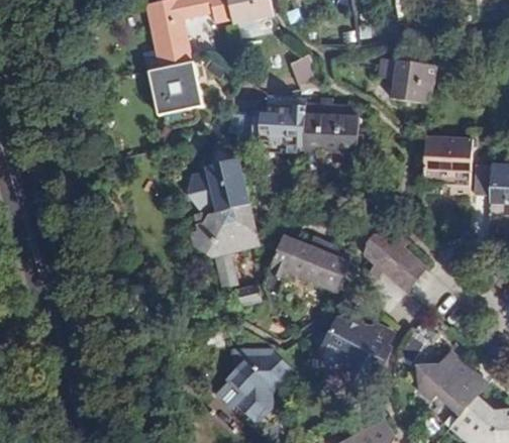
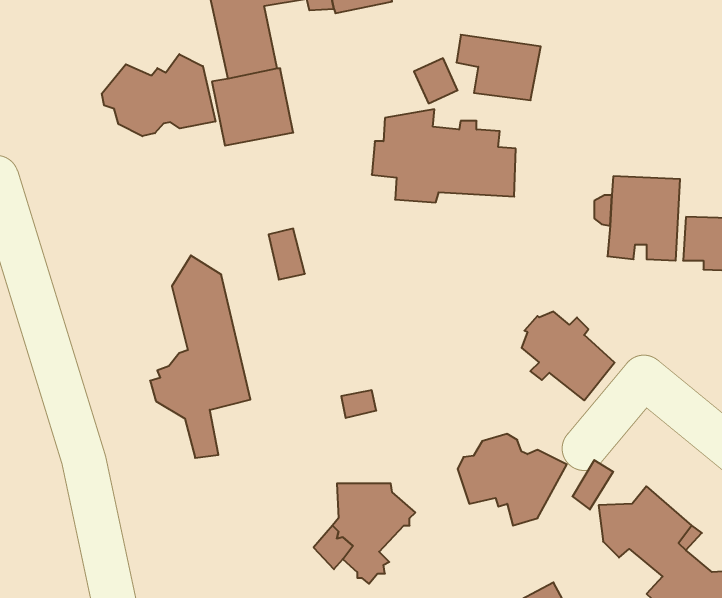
building: none -> [102,54,215,136]
building: [378,58,436,103] -> [456,35,541,100]
building: [190,145,260,286] -> [150,255,250,458]
building: [269,235,353,293] -> none

